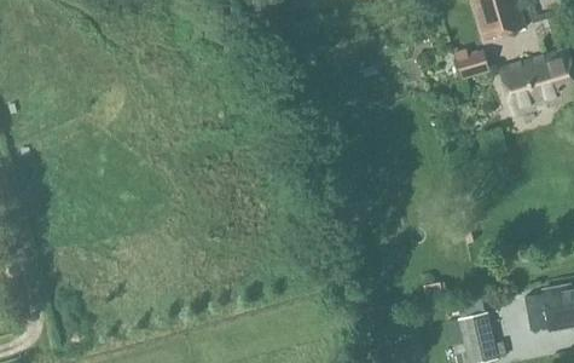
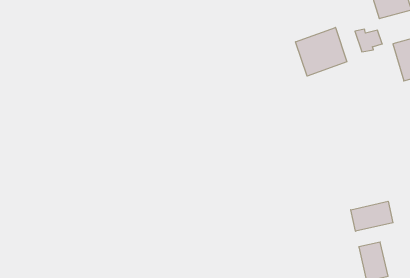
building: none -> [296,27,347,76]
building: none -> [351,201,393,231]

